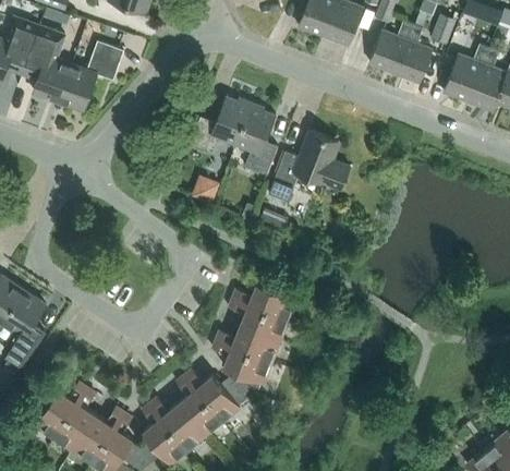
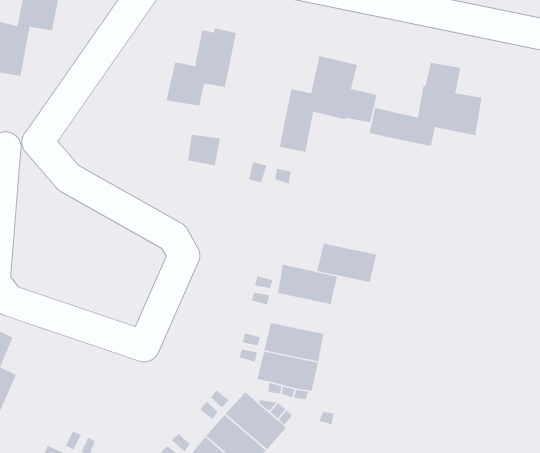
building: [236,102,278,174] -> none
building: none -> [369,62,483,147]
building: [241,304,289,340] -> [316,243,377,283]

